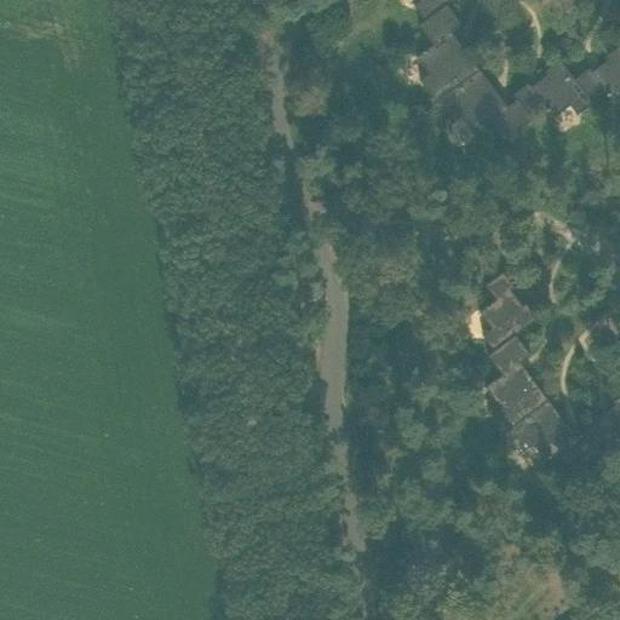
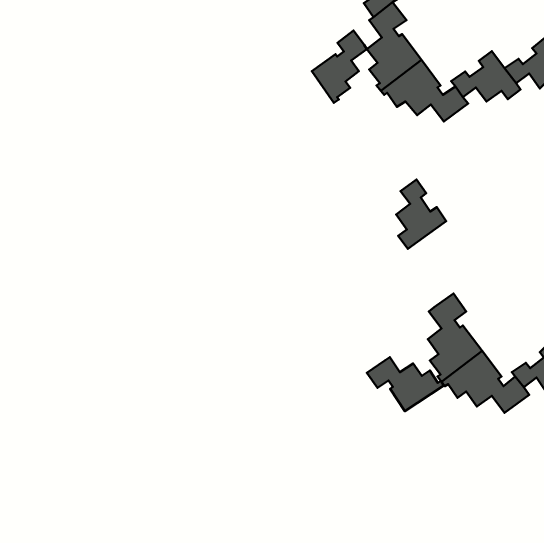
building: none -> [312,30,367,103]
building: [481,270,538,349] -> [396,179,446,249]
building: none -> [367,357,444,411]

